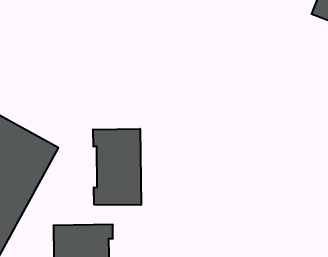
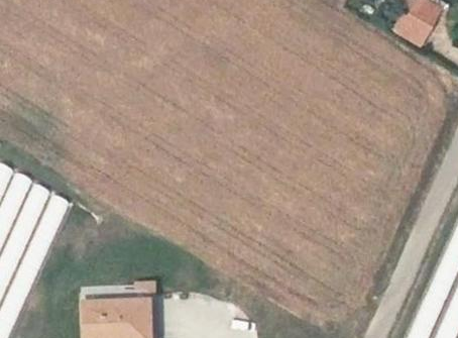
building: [93,129,141,205] -> none

